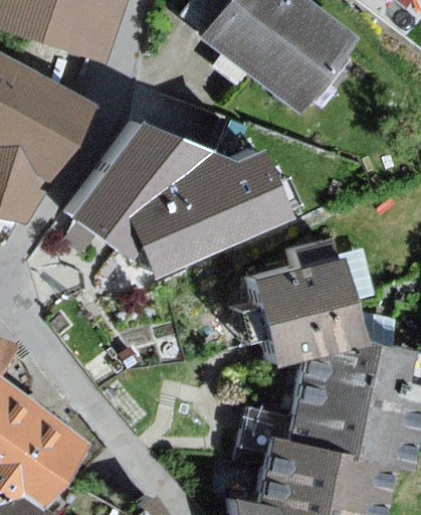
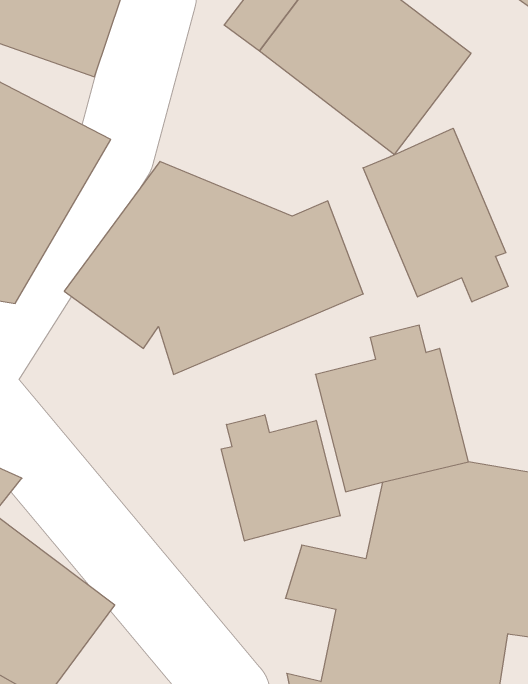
building: none -> [363,128,508,302]
building: none -> [221,415,340,541]

